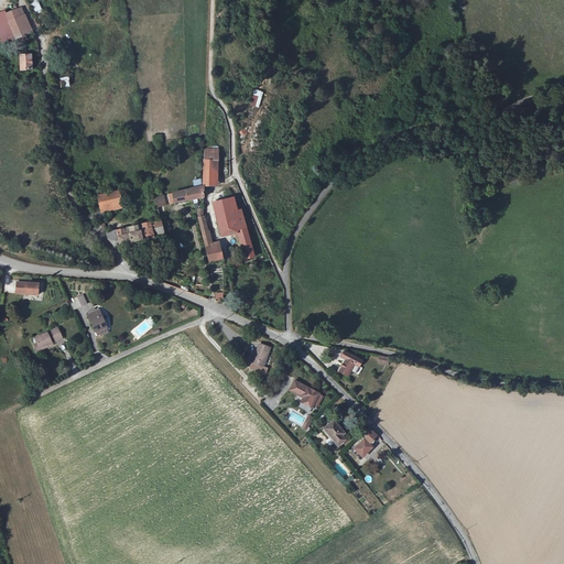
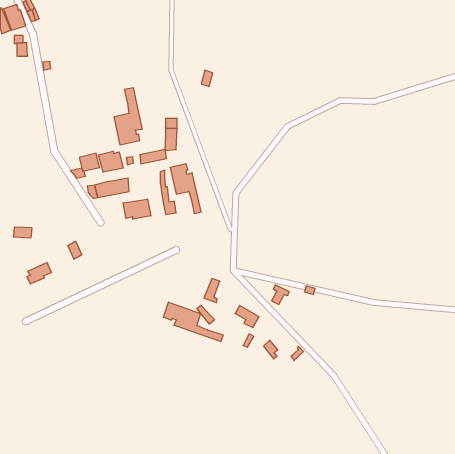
building: none -> [114,88,142,145]
building: none -> [98,151,123,172]
building: none -> [123,199,151,219]
building: none -> [163,302,223,342]

